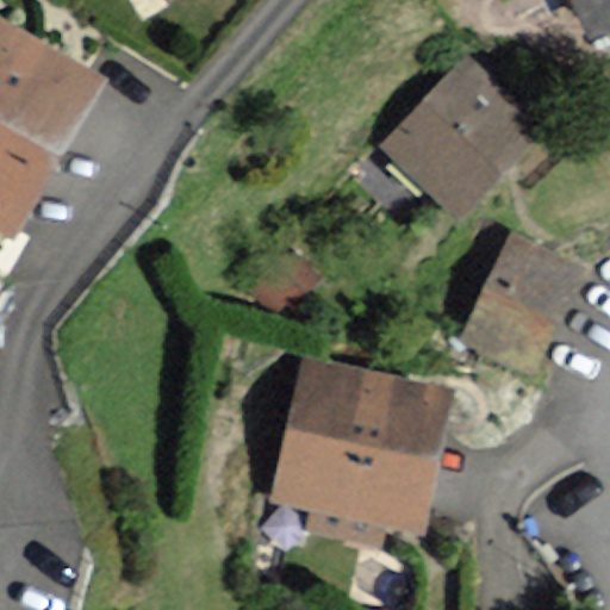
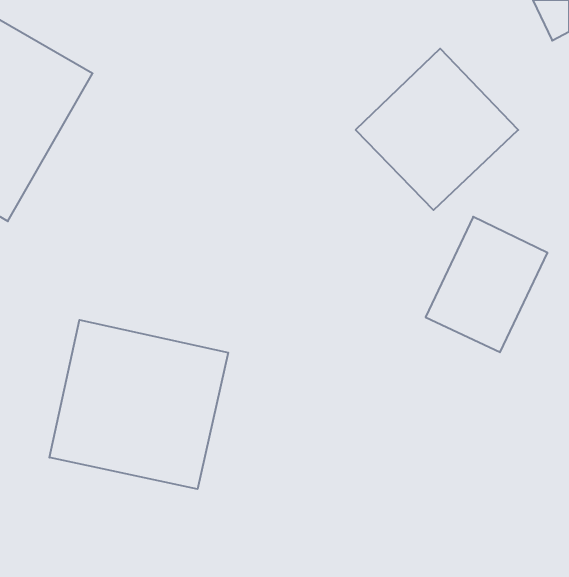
building: none -> [49,320,228,489]
building: [276,361,452,524] -> none

